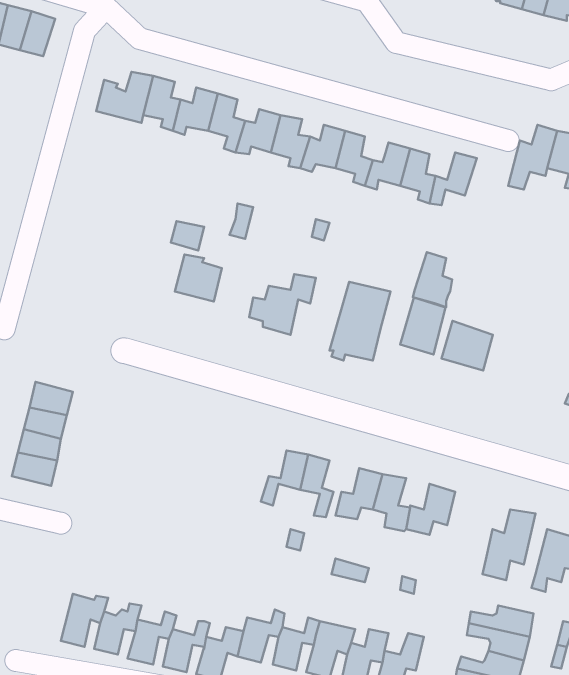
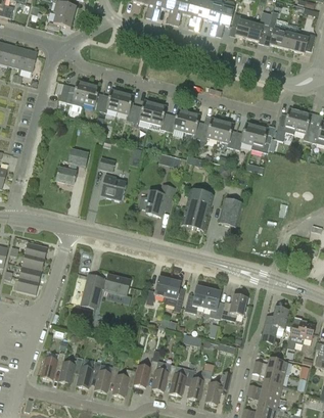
building: none -> [56,148,88,184]
building: [413,252,452,307] -> [250,124,271,152]
building: [442,321,493,371] -> none
building: none -> [81,274,129,307]

